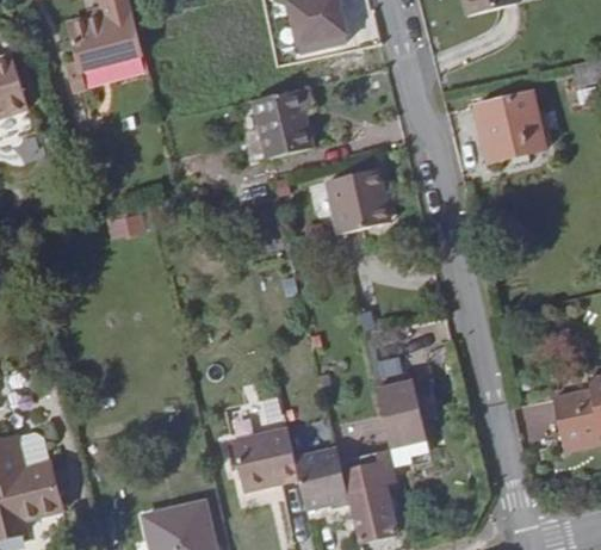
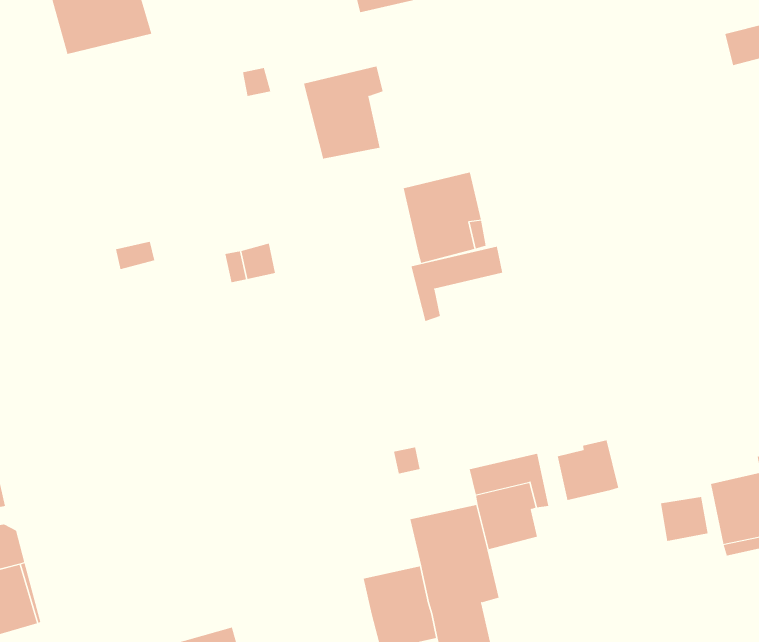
building: [473,88,543,163] -> none
building: none -> [411,246,503,322]
building: none -> [557,439,619,501]
building: [237,441,304,505] -> none

